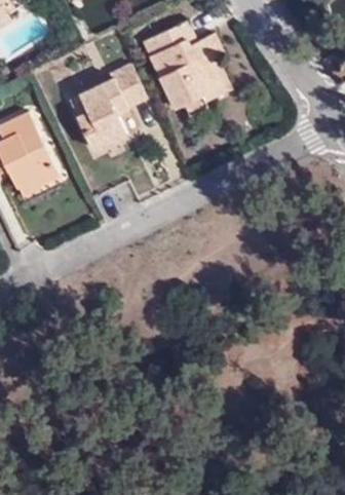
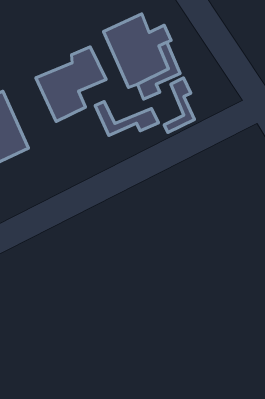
building: none -> [164,78,195,132]
building: none -> [95,101,159,135]

